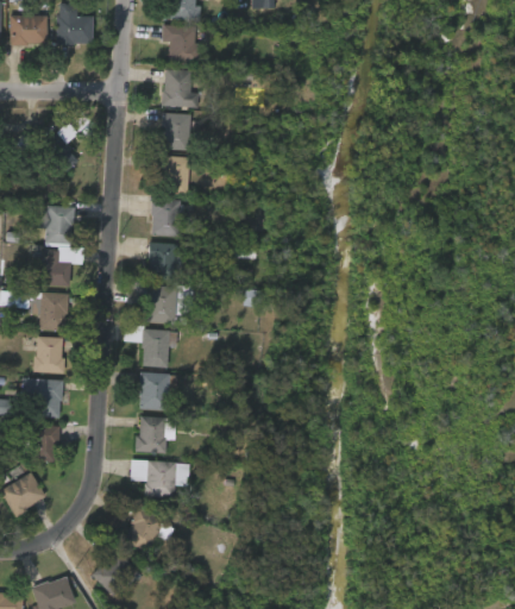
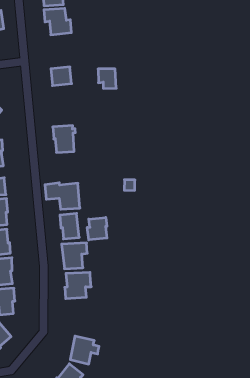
building: [163,69,199,108] -> none
building: [167,155,194,187] -> [98,69,116,88]
building: [149,241,183,281] -> none
building: none -> [87,217,107,240]
building: [130,458,189,498] -> none

